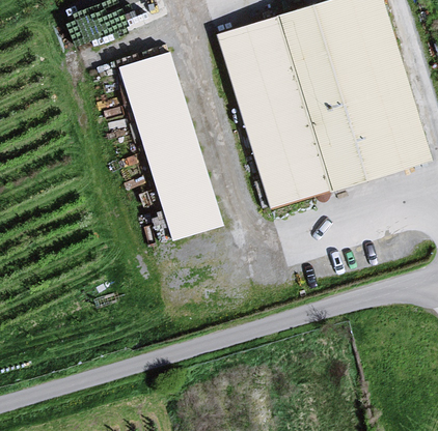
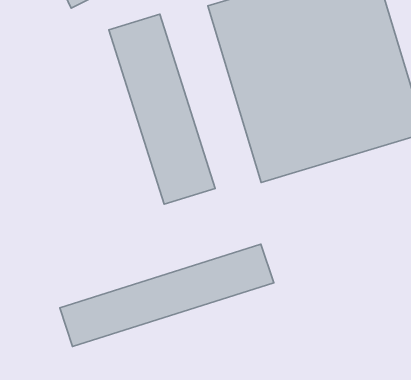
building: none -> [60,244,274,347]

